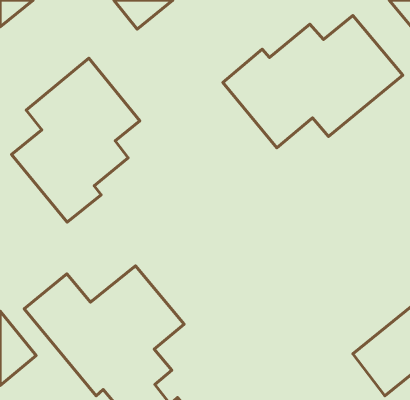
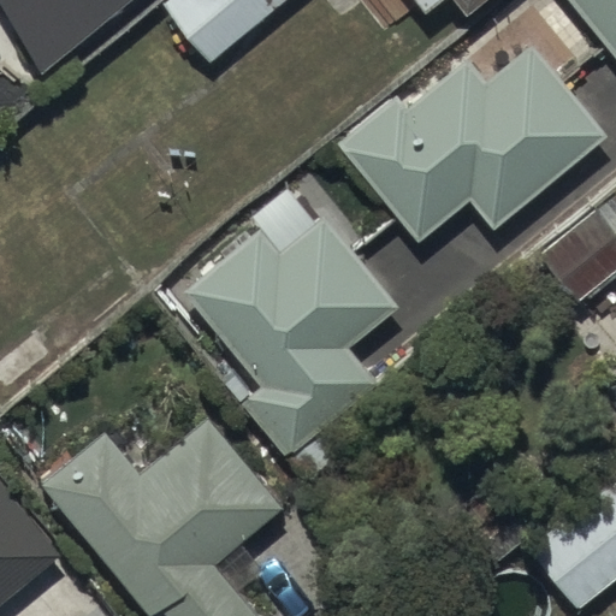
building: [12,58,140,222] -> none
building: none -> [183,212,398,455]

